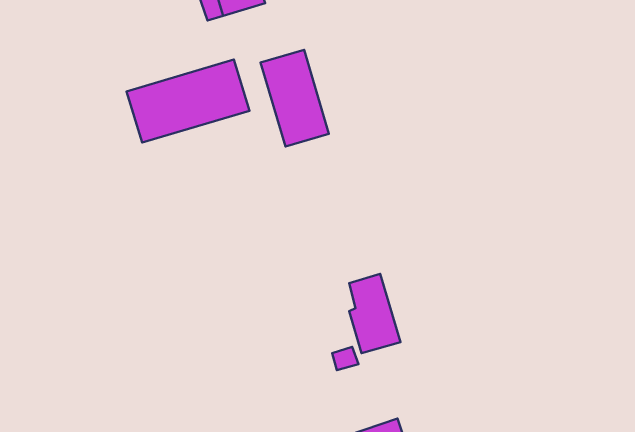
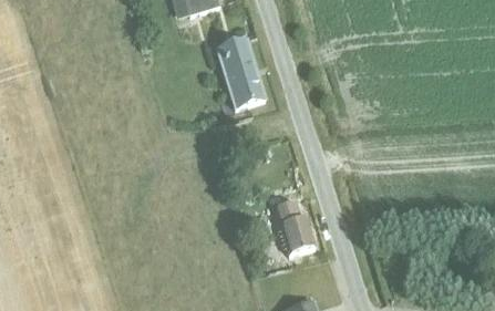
building: [126,60,249,143] -> none

